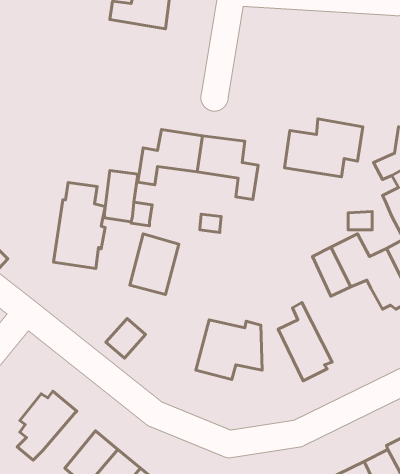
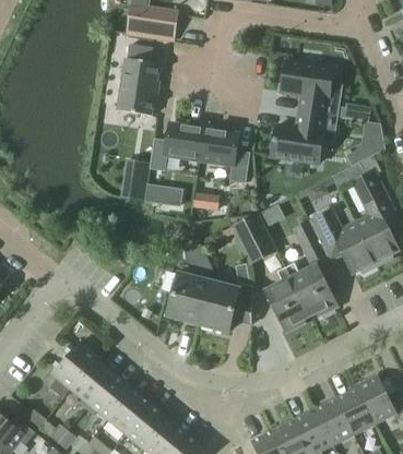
building: none -> [281,61,342,122]
building: [53,183,105,269] -> [117,45,159,116]
building: [130,234,179,295] -> [168,273,209,323]
building: none -> [232,214,276,262]
building: none -> [285,263,336,316]
building: none -> [71,359,115,404]

